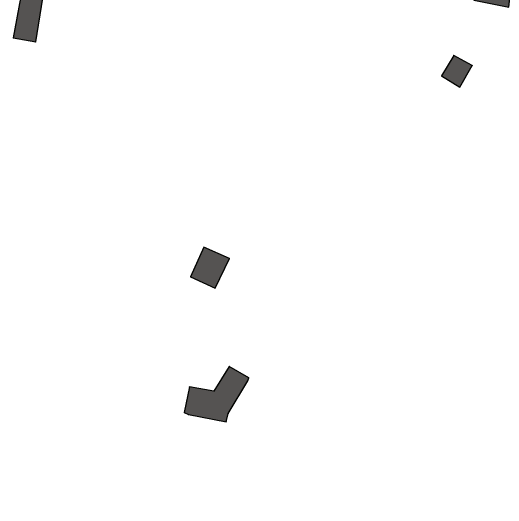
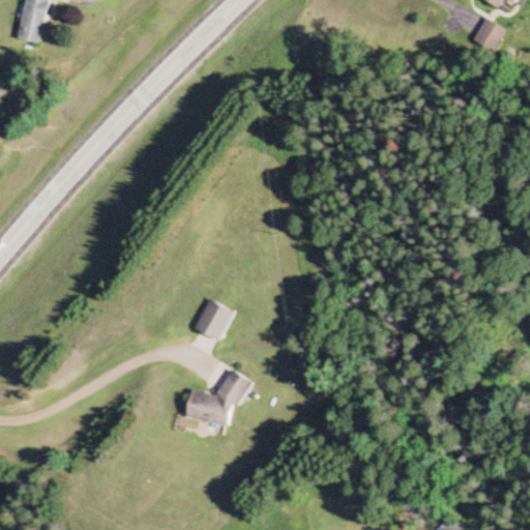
building: [442,55,472,87] -> [474,19,505,51]
building: [191,247,229,288] -> [196,299,235,341]

